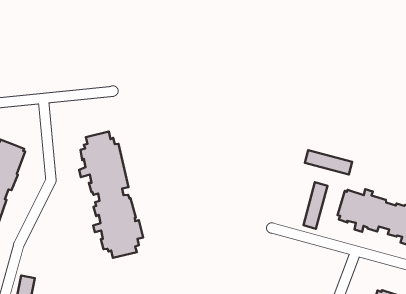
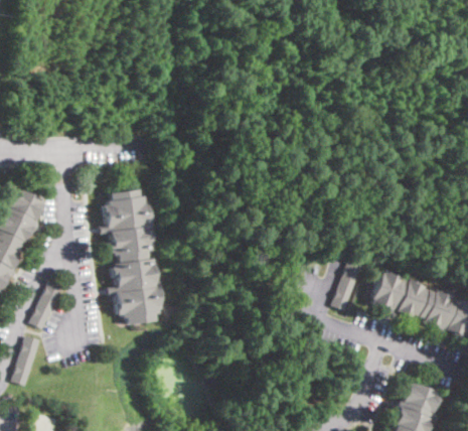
building: [305,150,352,174] -> none
building: none -> [32,280,64,328]

